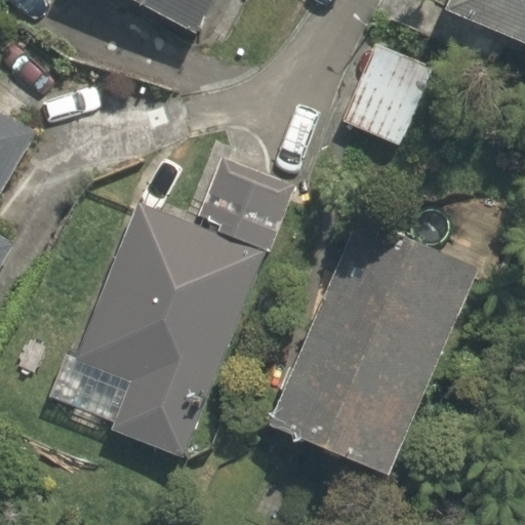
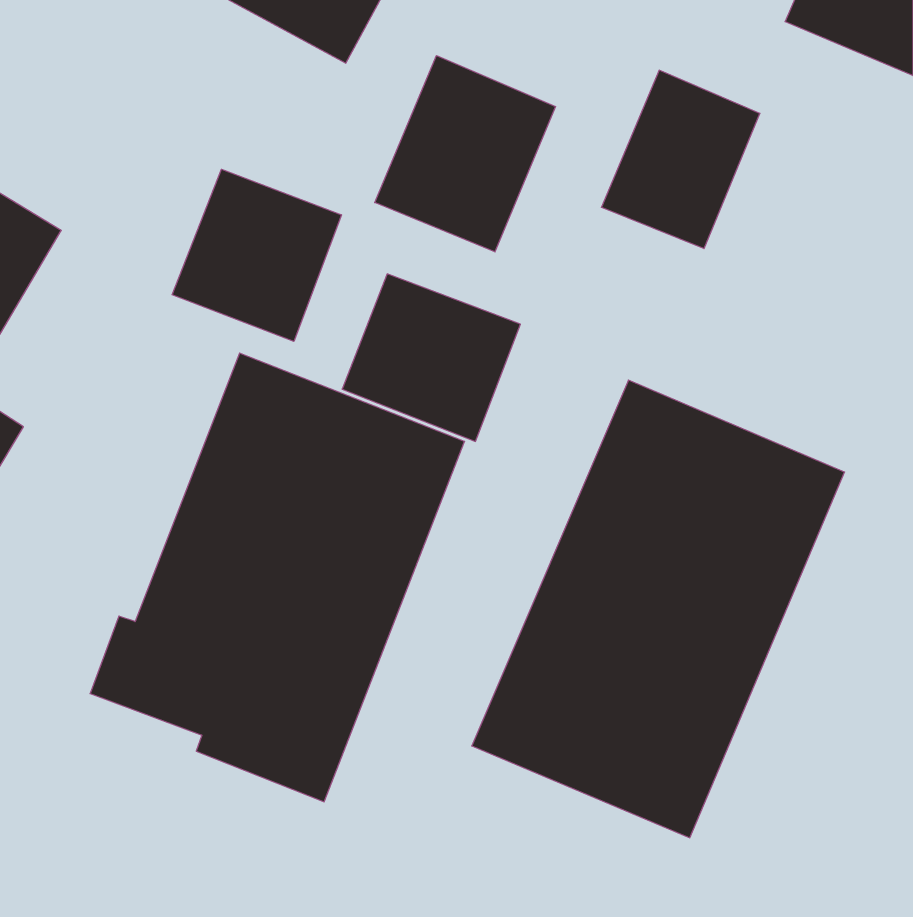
building: none -> [375,56,555,252]
building: none -> [172,169,341,341]

